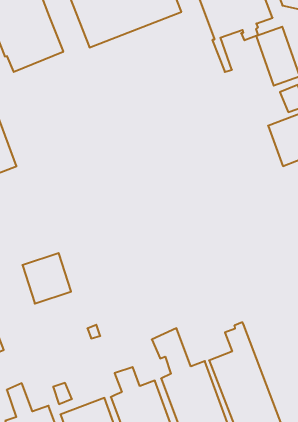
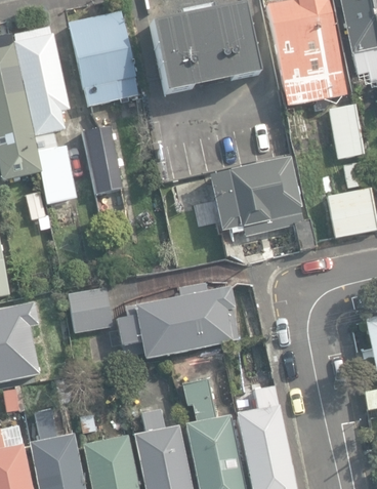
building: none -> [83,125,123,195]
building: none -> [209,157,317,249]
building: none -> [117,282,239,359]

